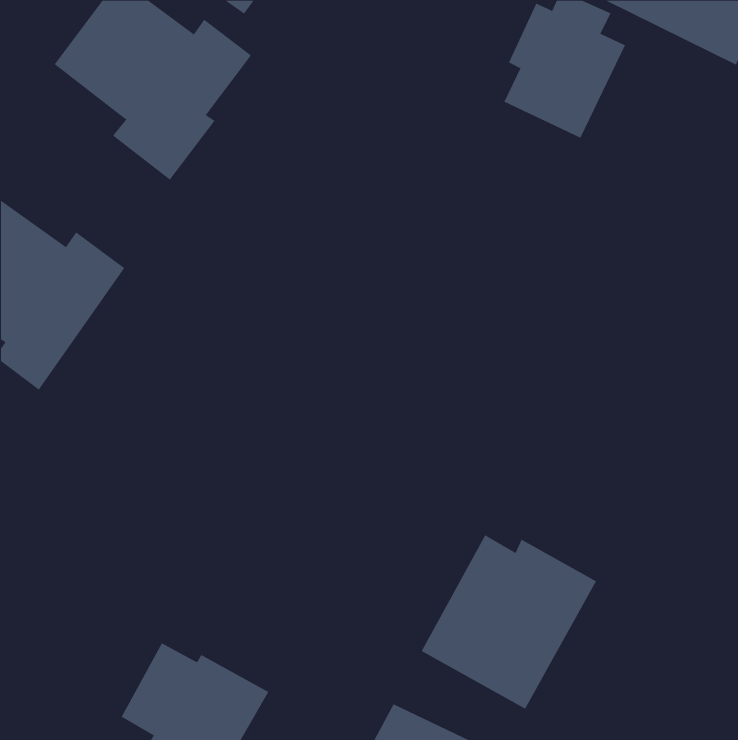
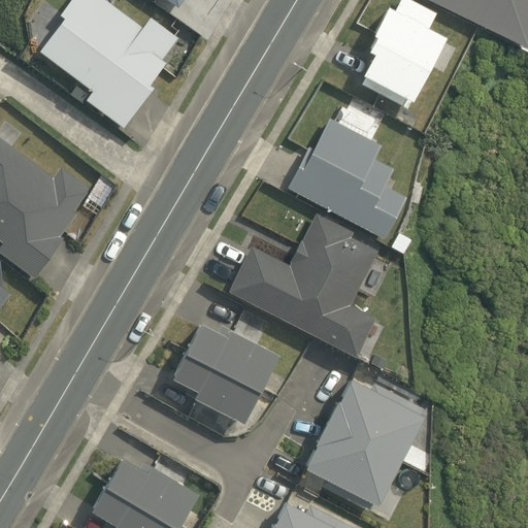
building: none -> [291,118,408,239]
building: none -> [231,213,378,354]
building: none -> [170,321,275,422]

